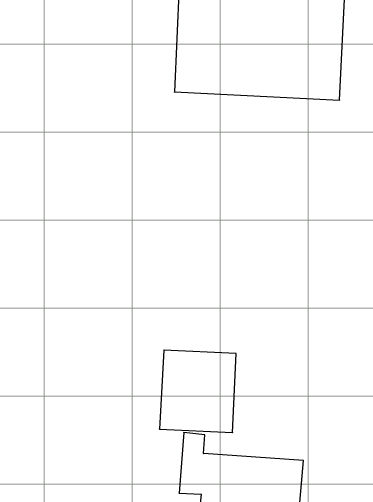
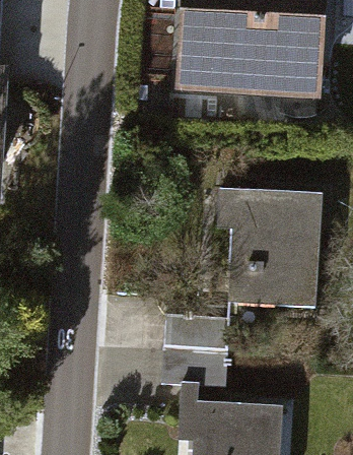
building: none -> [215,187,323,306]

